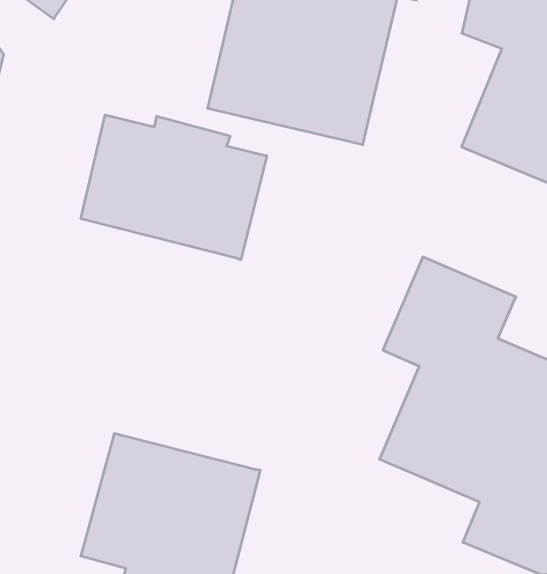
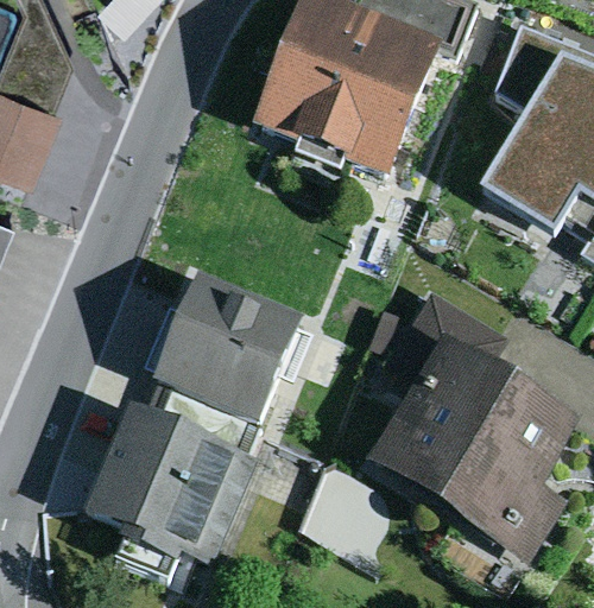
building: [81,115,267,260] -> none
building: none -> [153,271,307,457]

